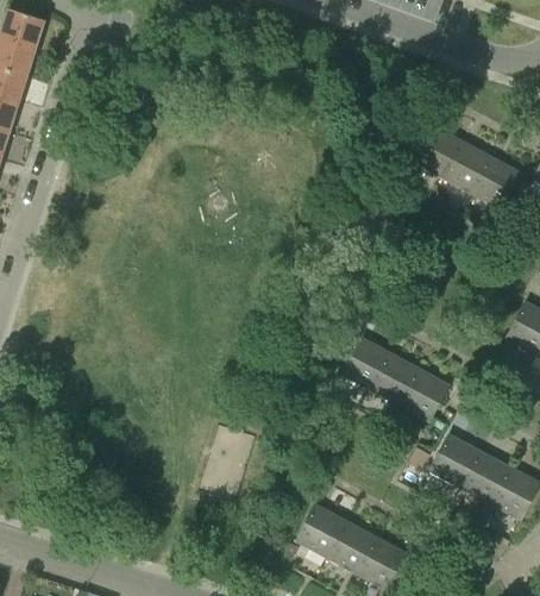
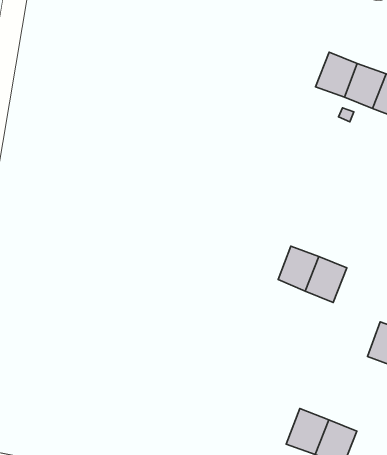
building: [397,368,447,421] -> none
building: [295,503,345,557] -> none

